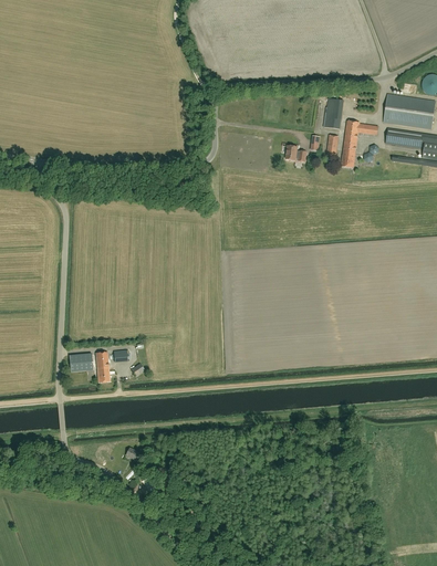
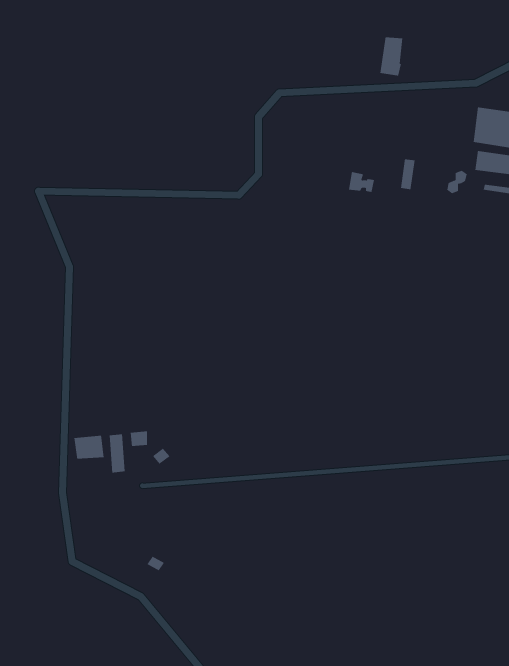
building: [324,98,343,129] -> [379,37,403,76]
building: [341,120,377,167] -> none

